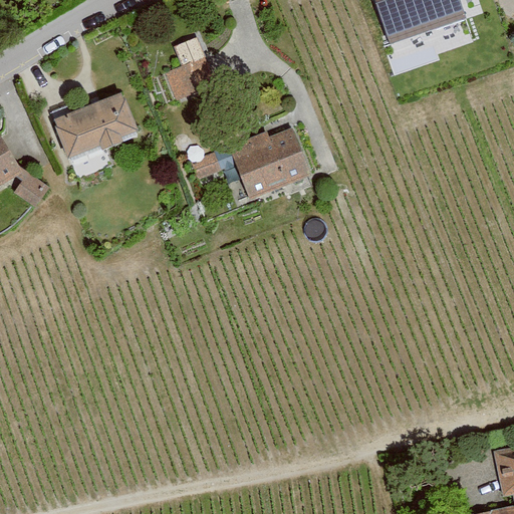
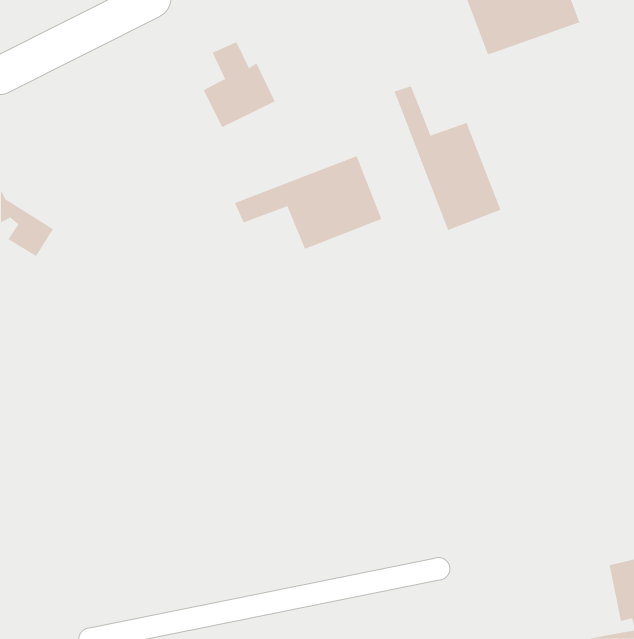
building: none -> [394,86,501,231]
building: [50,91,135,159] -> none

